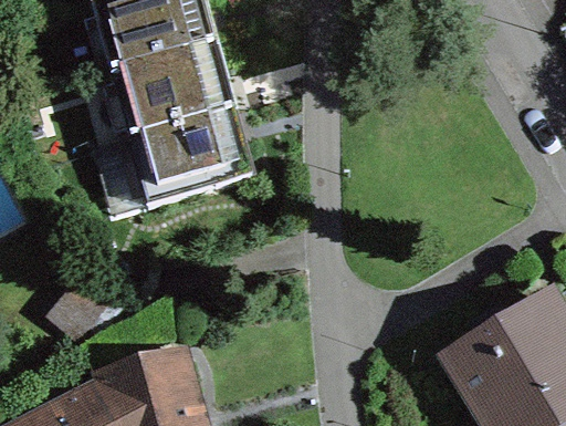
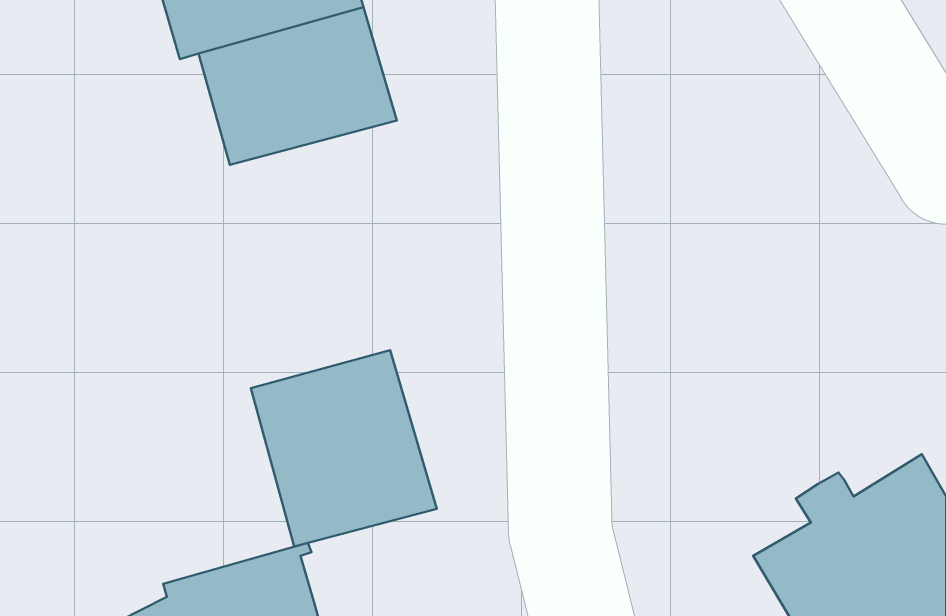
building: [92,96,255,206] -> none
building: none -> [251,350,437,547]

